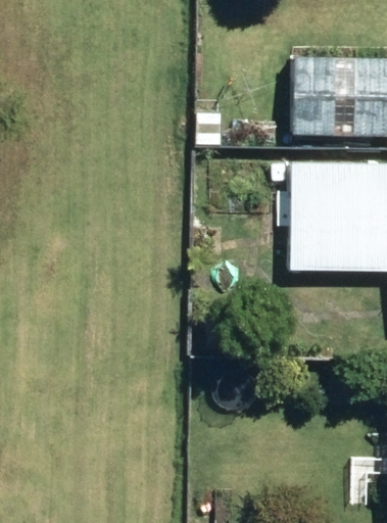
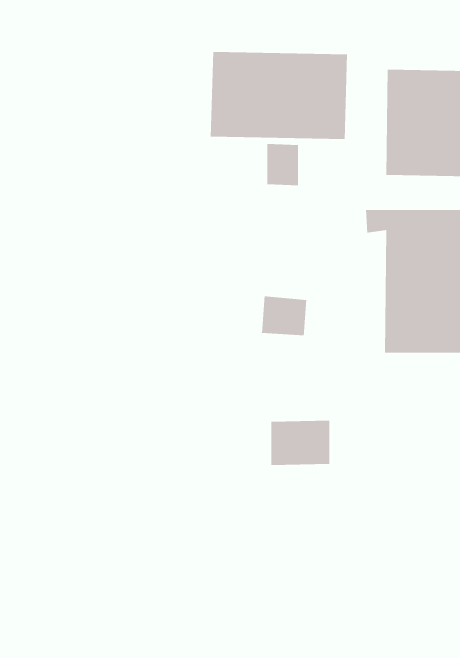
building: none -> [210,51,348,140]

